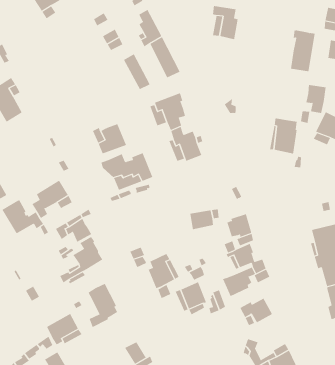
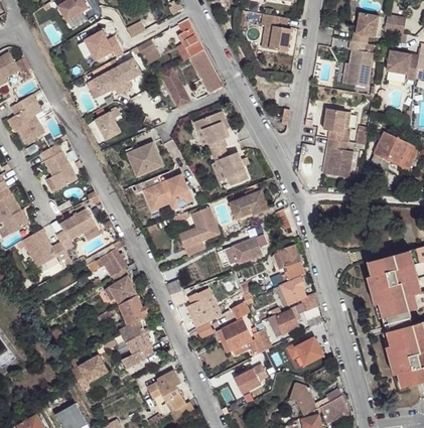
building: none -> [349,12,377,43]
building: none -> [82,33,122,63]
building: none -> [92,59,140,98]
building: [306,84,326,113] -> [321,108,344,140]
building: none -> [93,111,119,142]
building: none -> [42,143,80,191]
building: none -> [228,189,268,217]
building: none -> [178,207,219,258]
building: none -> [118,295,145,326]
building: none -> [234,365,267,394]
building: none -> [145,369,180,398]

